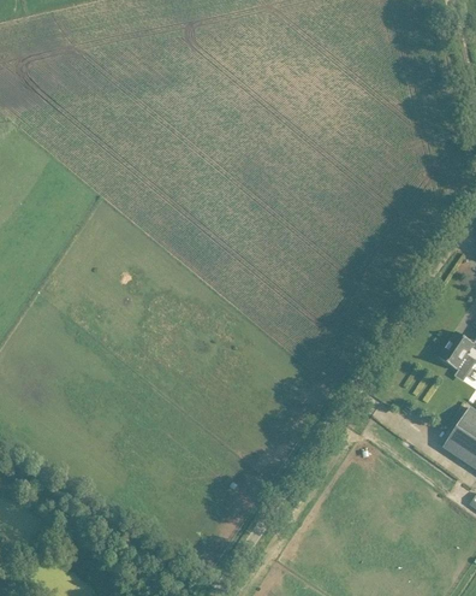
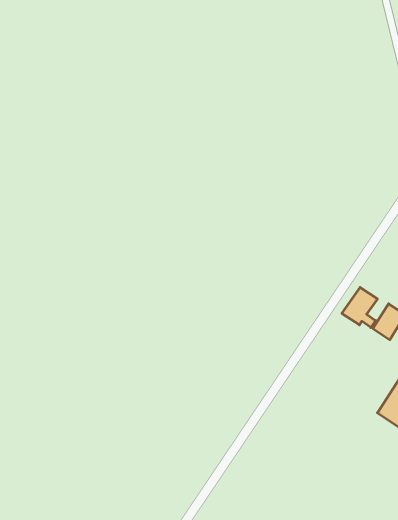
building: none -> [342,287,377,328]

